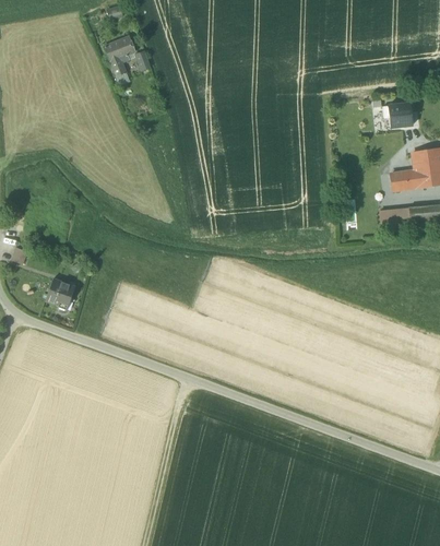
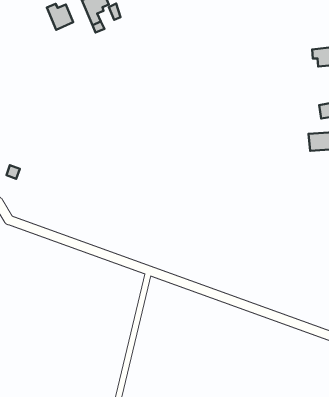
building: none -> [47,4,73,30]
building: [45,278,75,307] -> none

